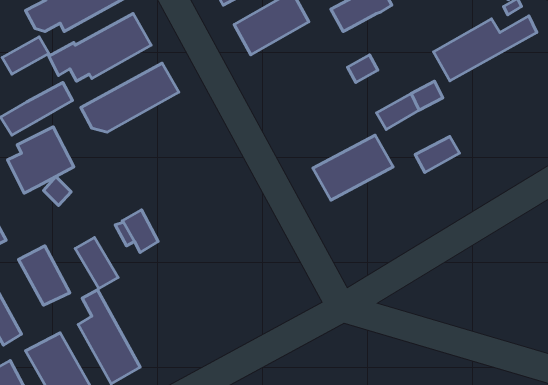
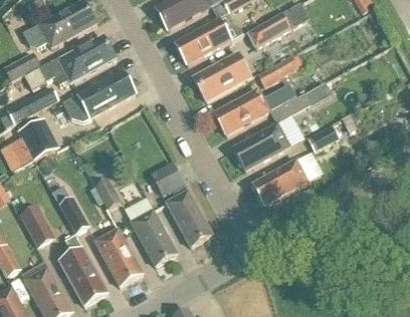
building: [433,16,537,81] -> [214,87,289,134]
building: none -> [192,52,250,101]
building: none -> [252,160,308,205]
building: none -> [152,163,212,246]
building: none -> [124,197,177,265]
building: none -> [96,230,142,285]

